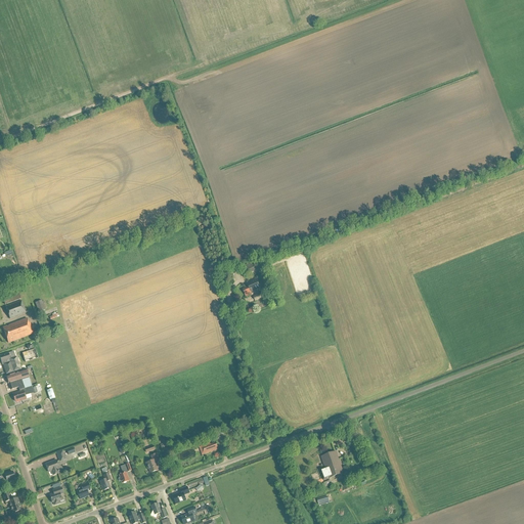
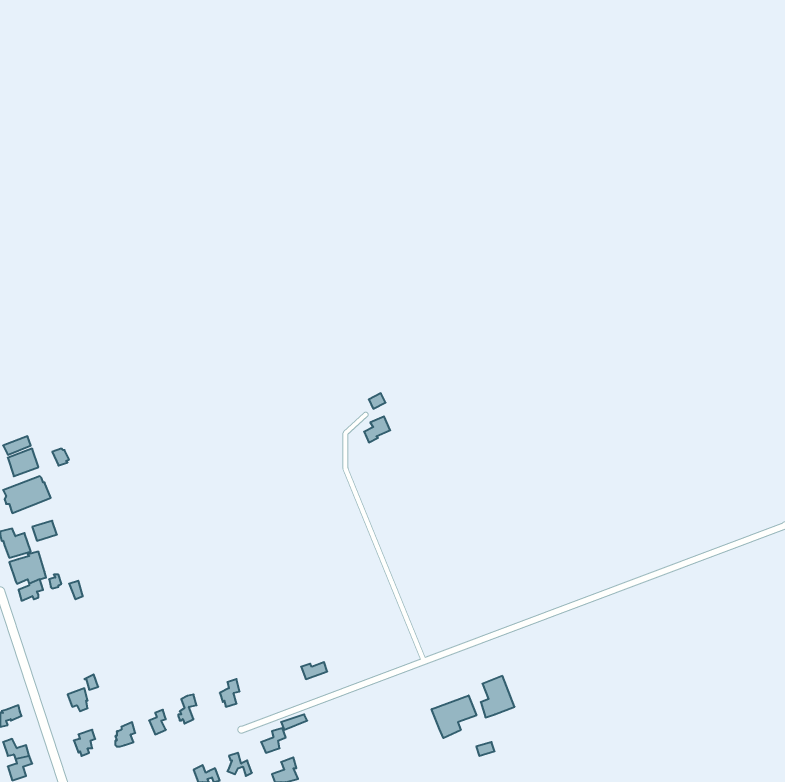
building: none -> [432,695,476,738]

